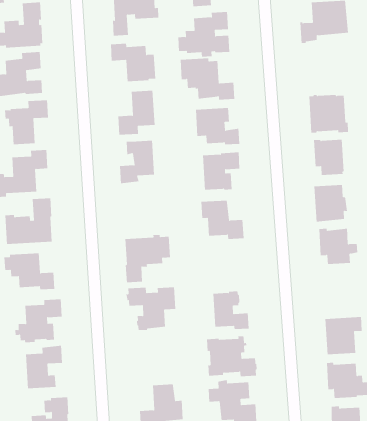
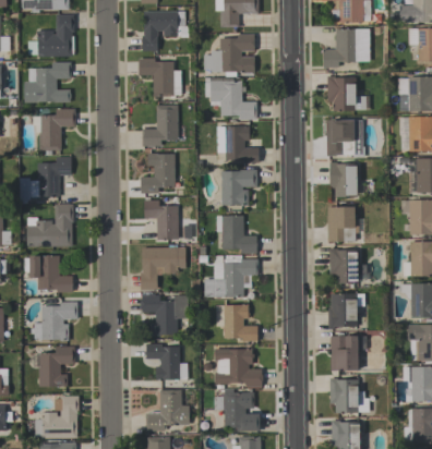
building: none -> [327,76,365,111]
building: none -> [144,201,179,240]
building: none -> [205,255,257,298]
building: none -> [328,294,364,329]
building: none -> [146,344,180,380]

